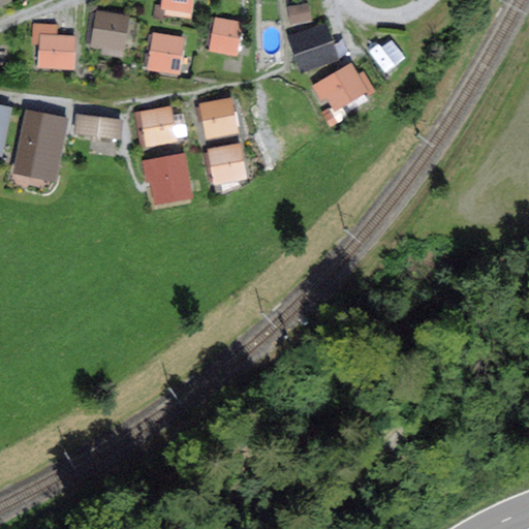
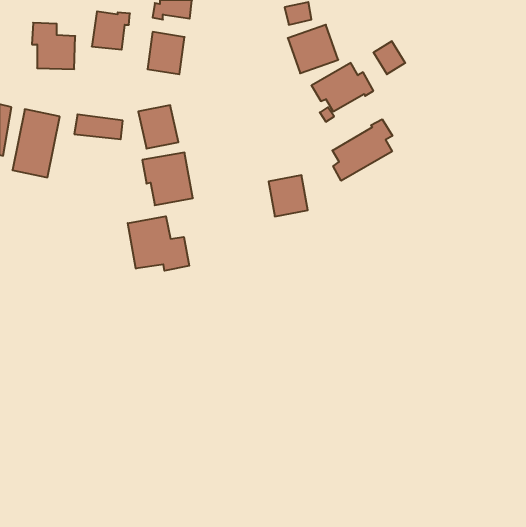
building: [209,18,244,56] -> none
building: [199,97,239,139] -> none
building: none -> [332,119,392,181]
building: [208,143,247,184] -> [269,175,308,216]
building: none -> [128,216,189,271]

